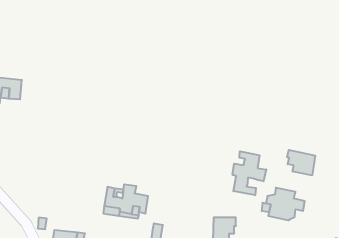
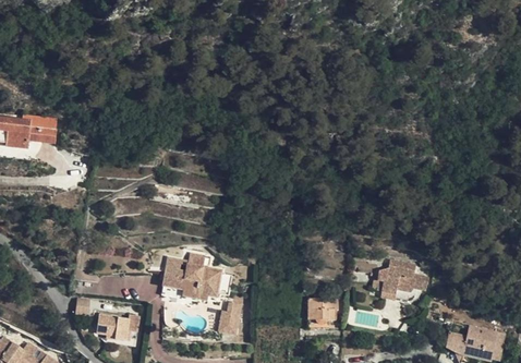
building: [287,150,315,175] -> none
building: [233,151,266,195] -> none

